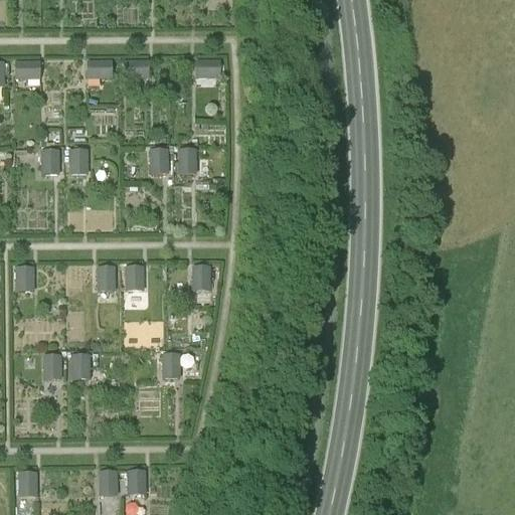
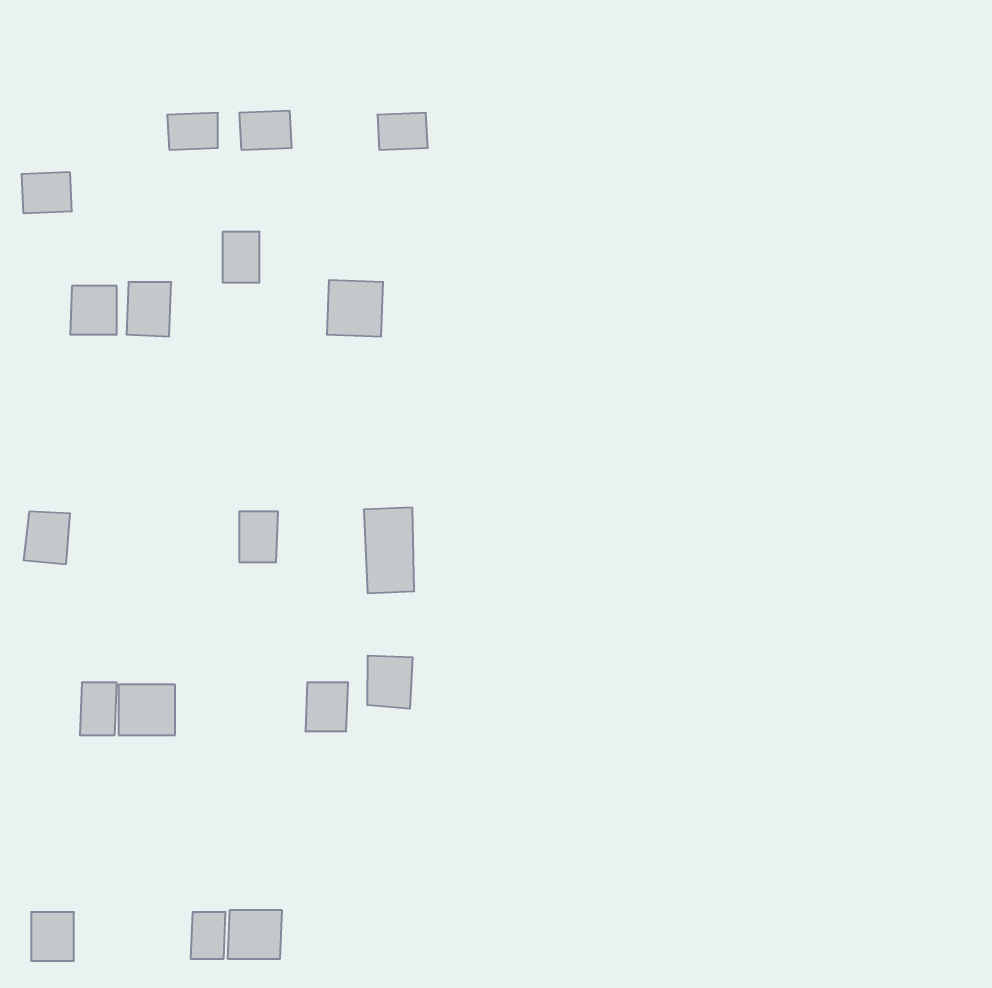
building: [15,57,41,78] -> [21,172,72,213]
building: [150,147,169,173] -> [223,232,260,282]
building: [96,264,116,291] -> none
building: none -> [367,655,413,709]

